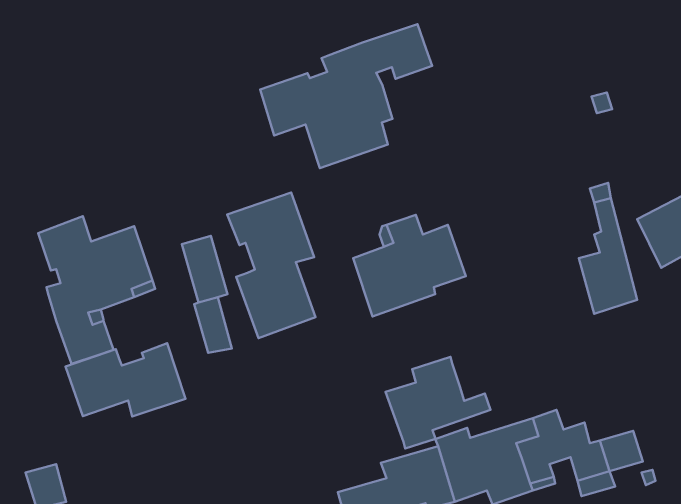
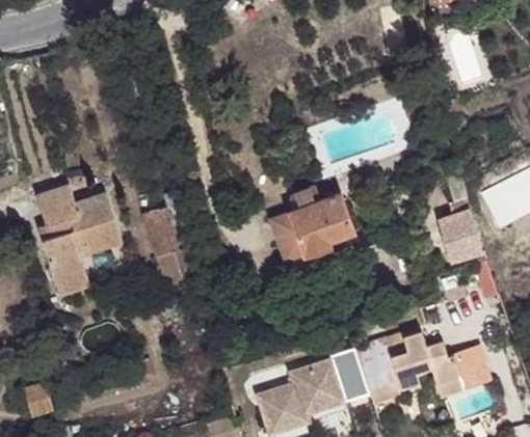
building: [260,24,432,168] -> none
building: [227,192,315,338] -> none
building: [66,343,185,416] -> none
building: [385,357,491,449] -> none

